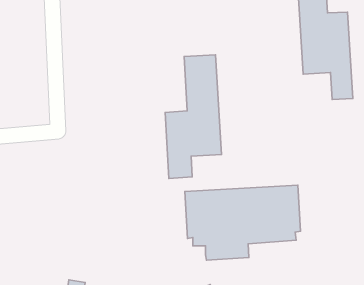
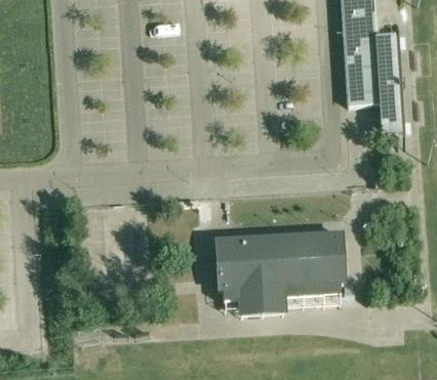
building: [165,55,221,179] -> none

